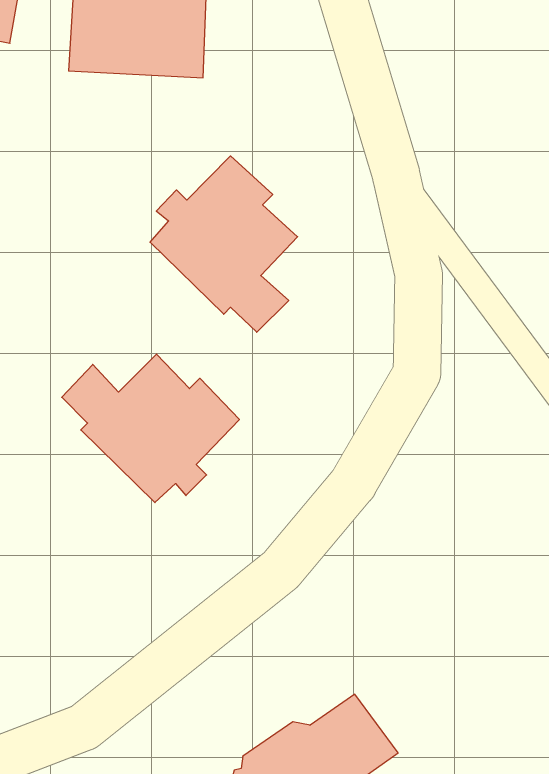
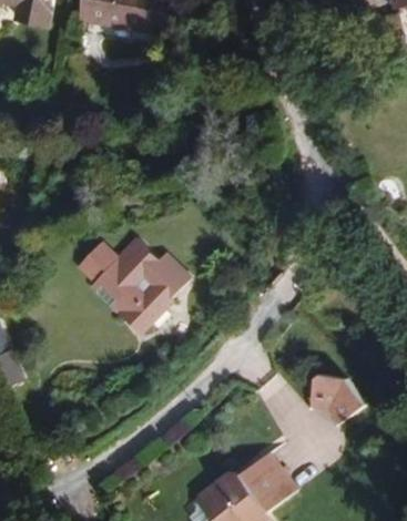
building: [150,156,298,332] -> none
building: none -> [308,371,363,418]

